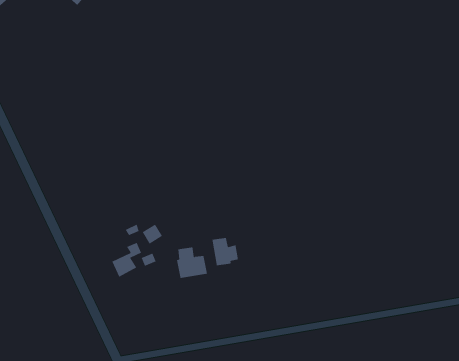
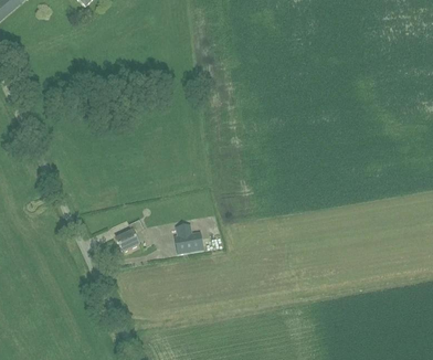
building: [212,237,239,266] -> none

